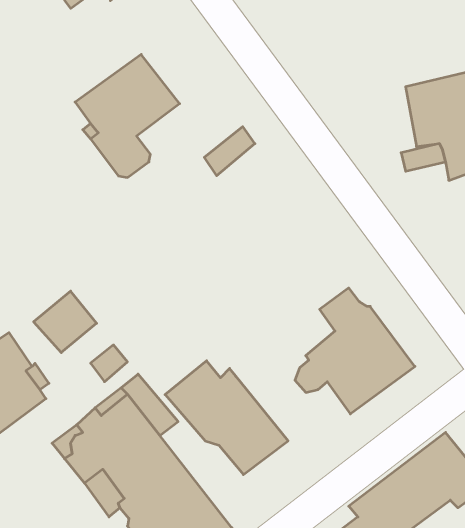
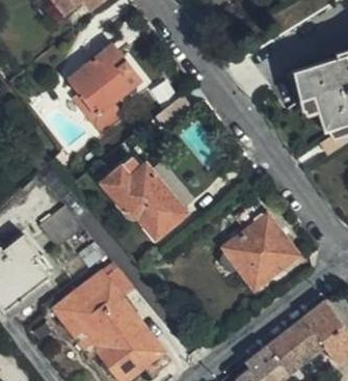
building: [165,361,288,475] -> [104,162,187,239]

